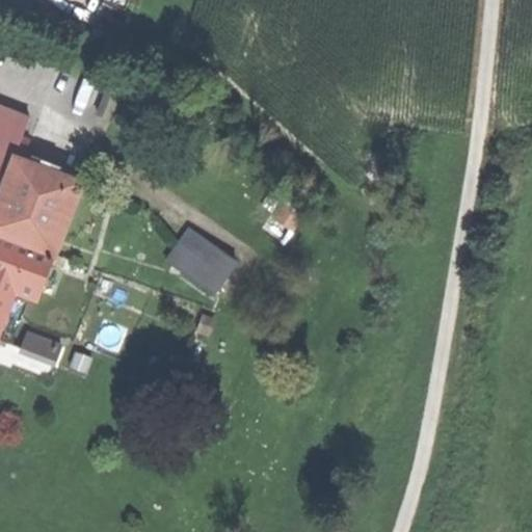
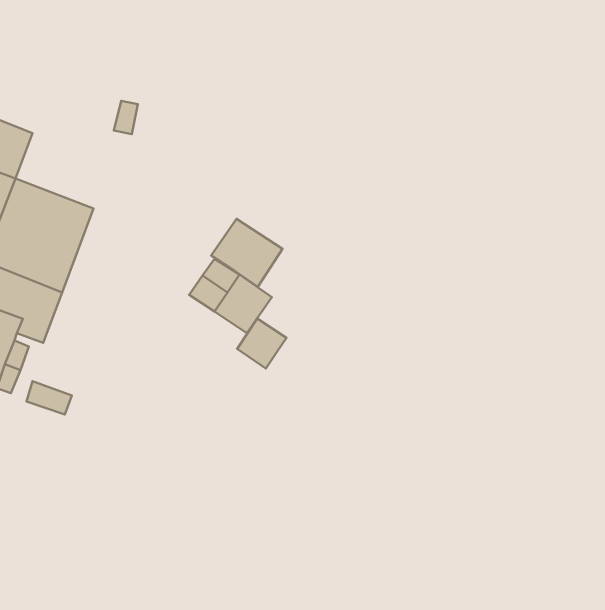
building: none -> [211,219,282,287]
building: none -> [237,319,287,369]

